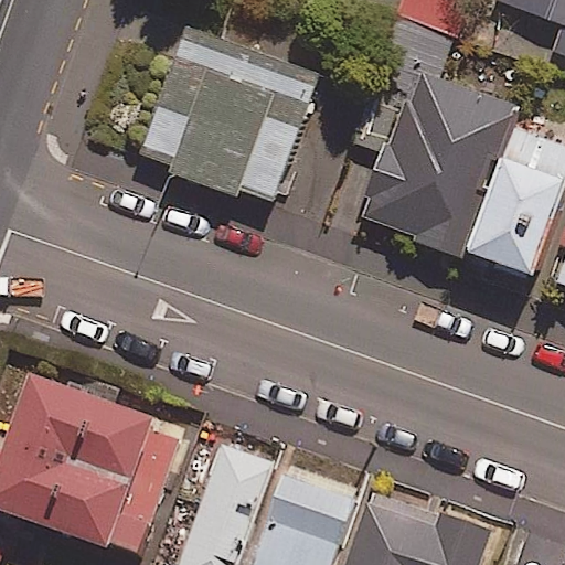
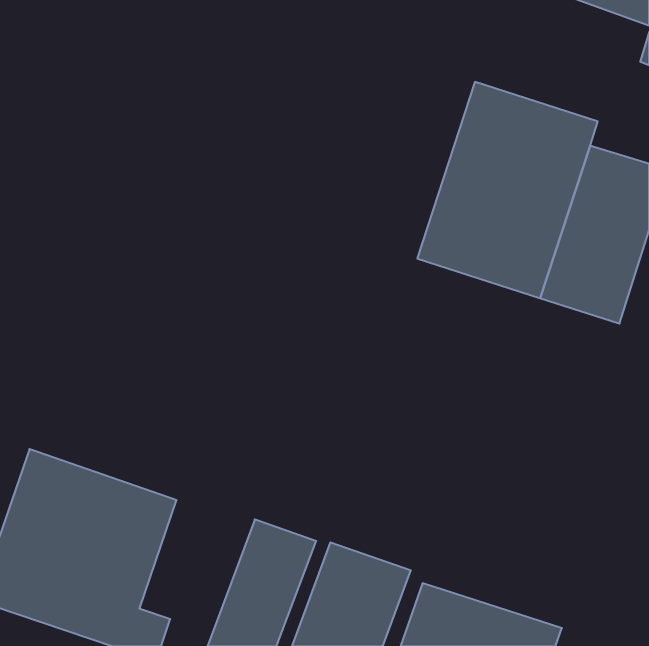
building: [154,12,332,177] -> none

